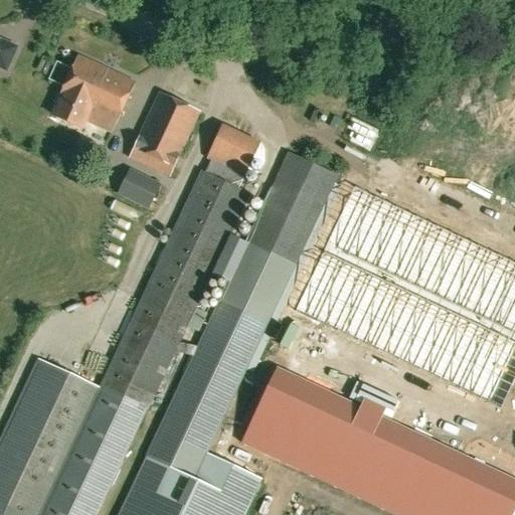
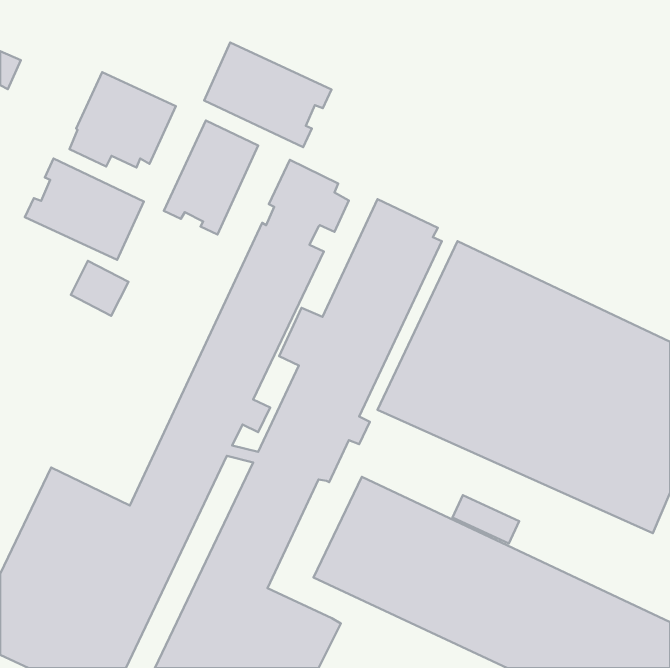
building: none -> [204,43,332,147]
building: none -> [25,159,144,260]
building: [117,168,161,210] -> [71,261,128,316]

